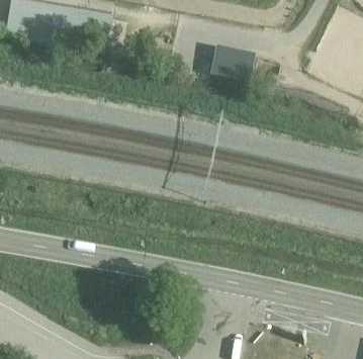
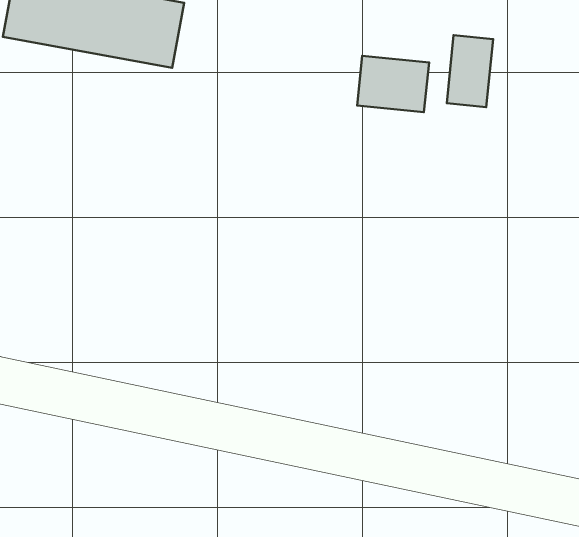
building: none -> [447,35,493,107]

